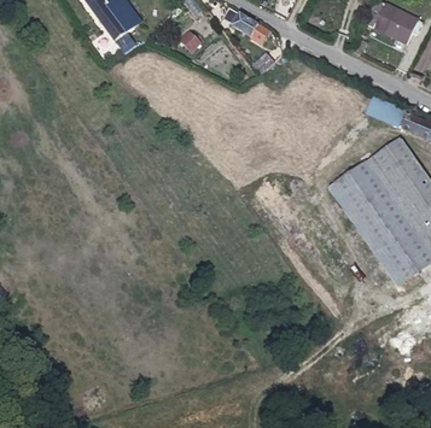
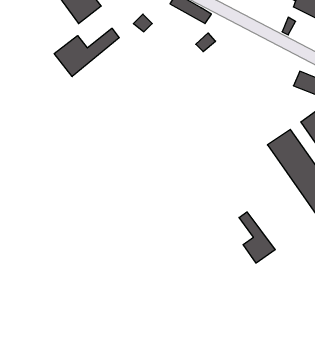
building: none -> [54,28,119,77]
building: none -> [239,212,275,263]

